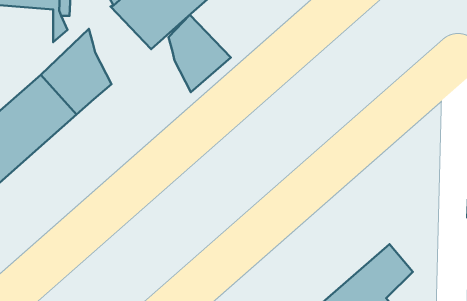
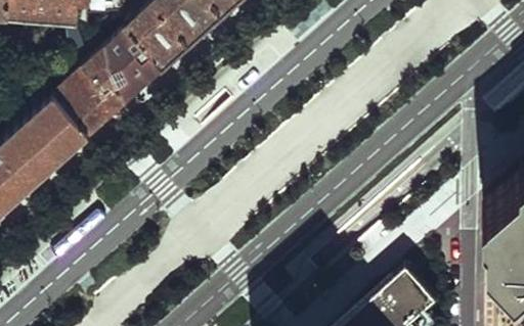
building: [168,15,231,92] -> [105,26,168,103]

